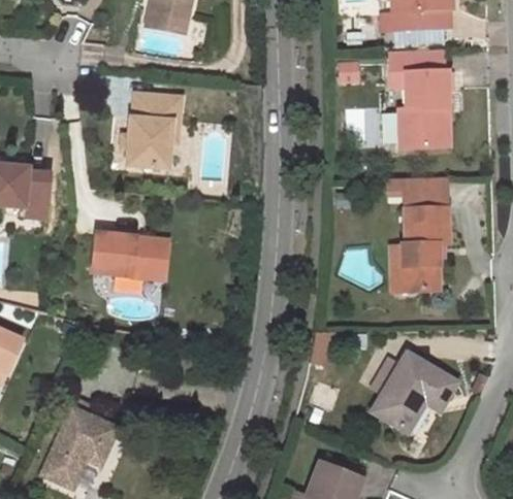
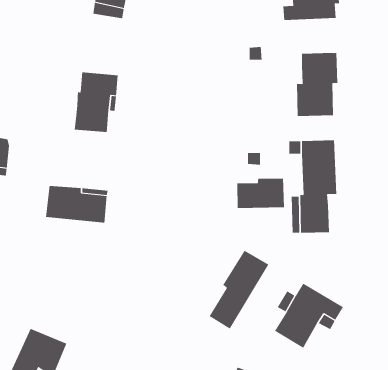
building: [391,53,445,87] -> none
building: none -> [237,178,284,209]
building: none -> [209,250,269,329]

